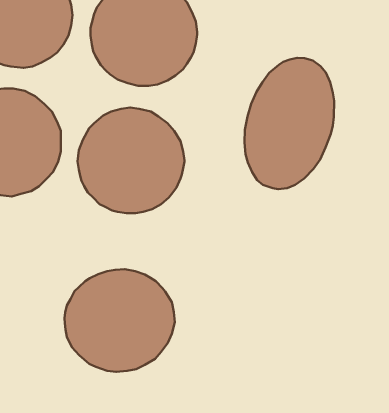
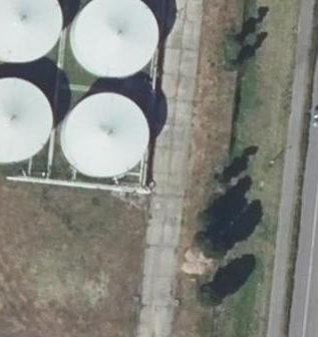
building: [244,58,334,189] -> none
building: [64,269,175,372] -> none

